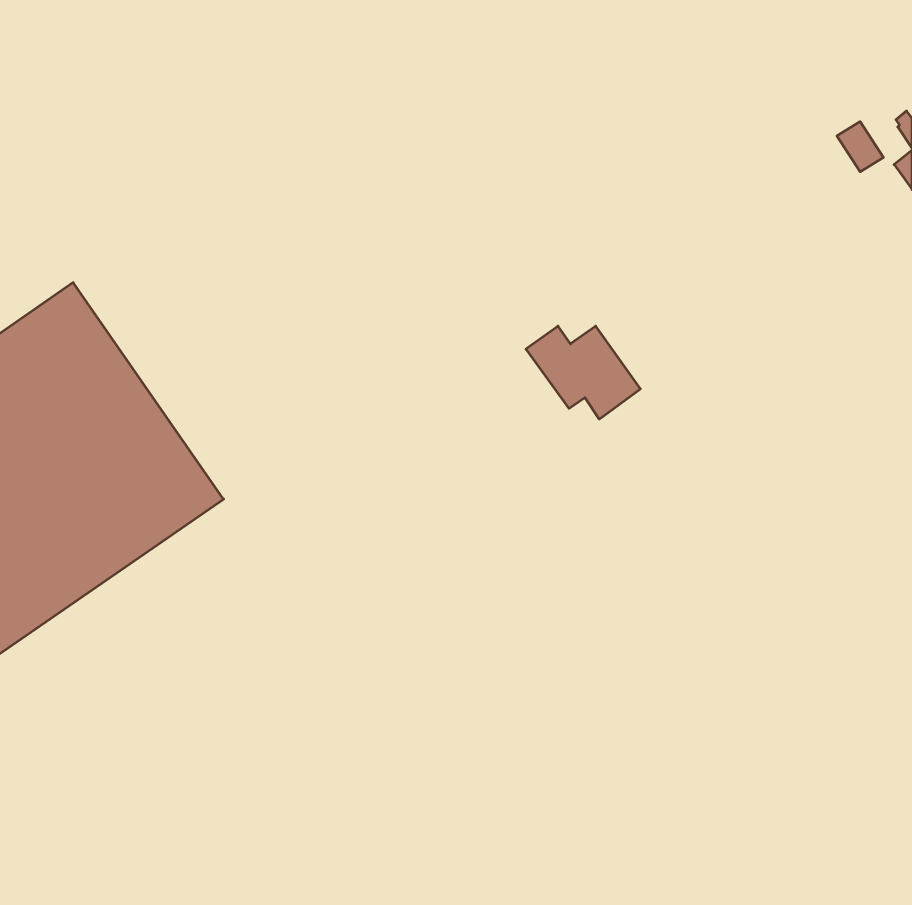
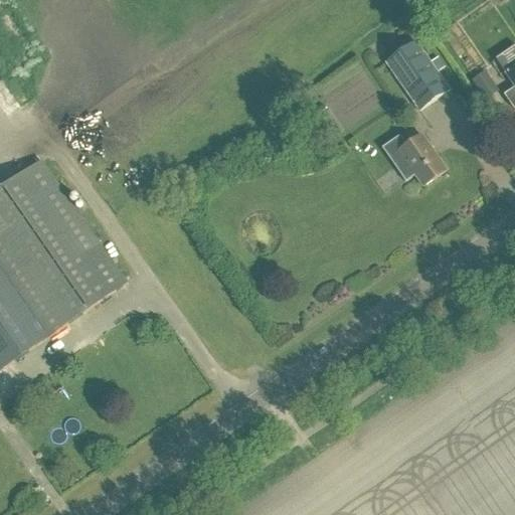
building: none -> [384,39,449,110]
building: [526,326,640,419] -> [381,133,446,185]

